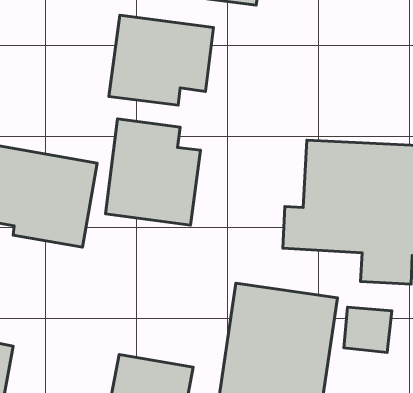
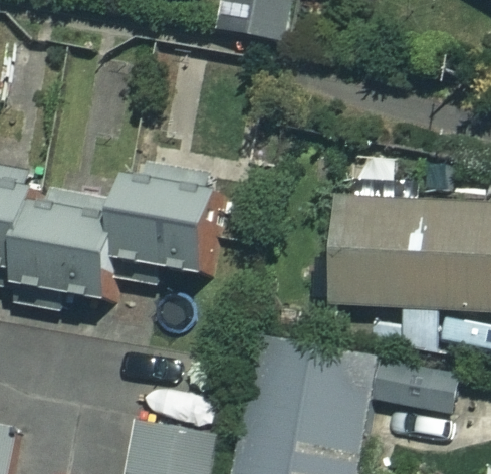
building: [109,15,214,105] -> none

